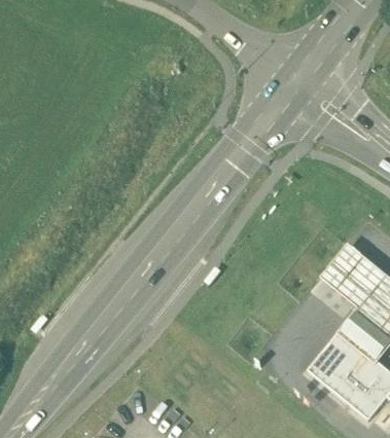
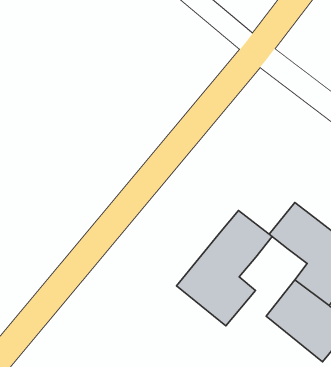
building: none -> [177,210,272,326]

